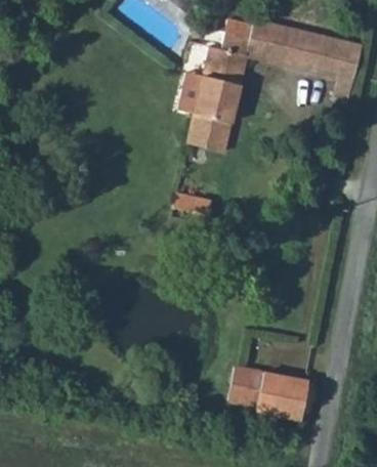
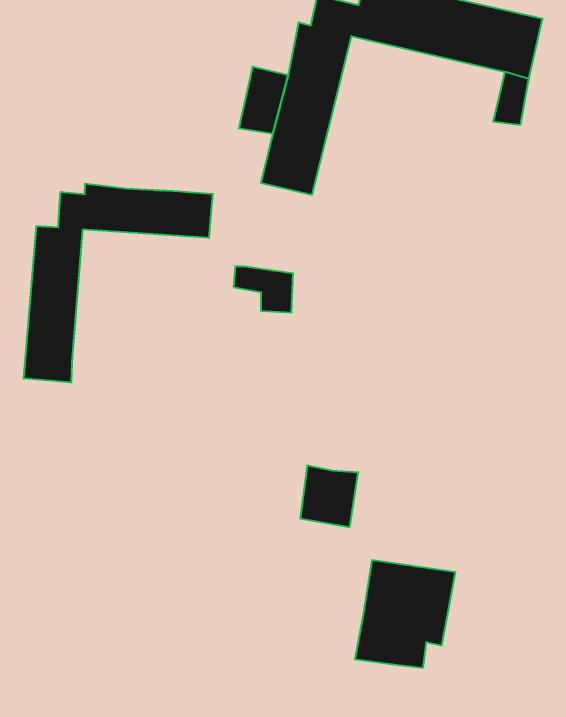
building: none -> [24,184,213,383]
building: [224,365,259,401] -> [300,466,358,527]

